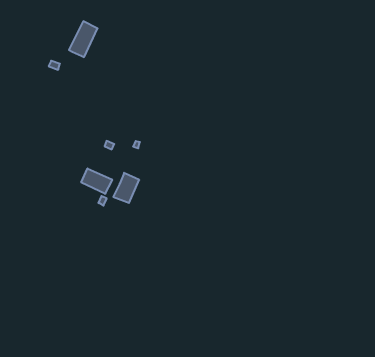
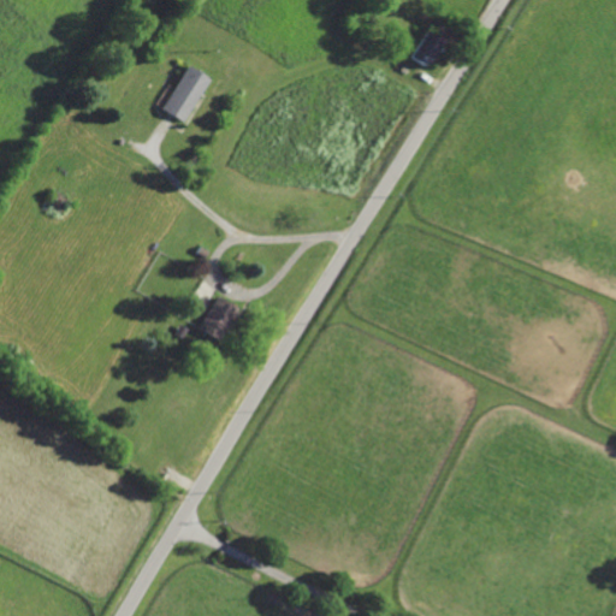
building: [81,168,112,194] -> none

